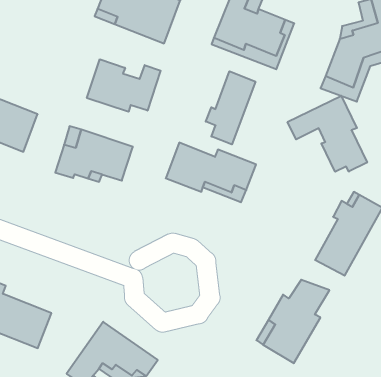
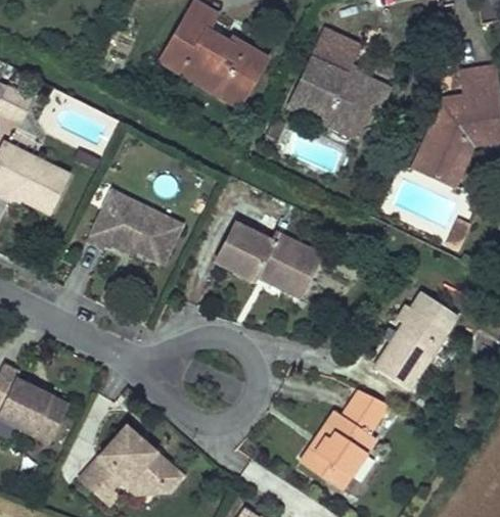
building: [87,59,161,112] -> none
building: [206,71,255,144] -> none
building: [288,96,367,172] -> none

